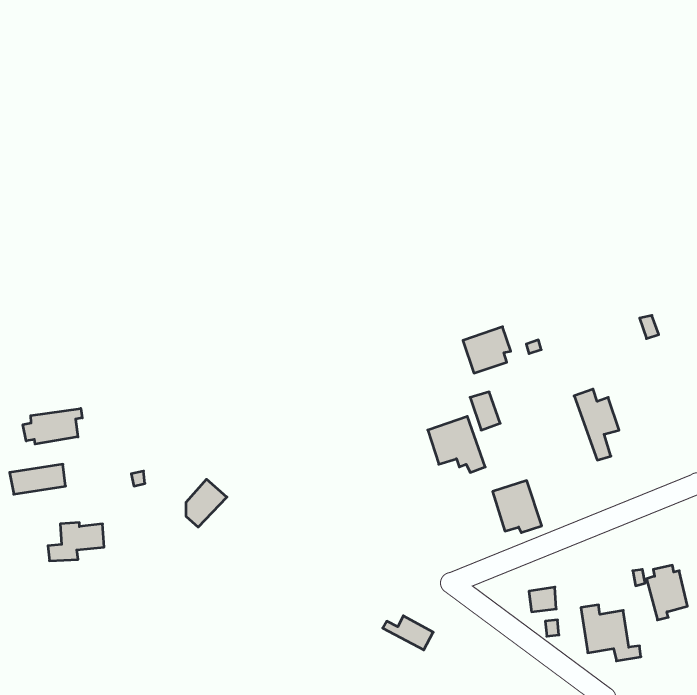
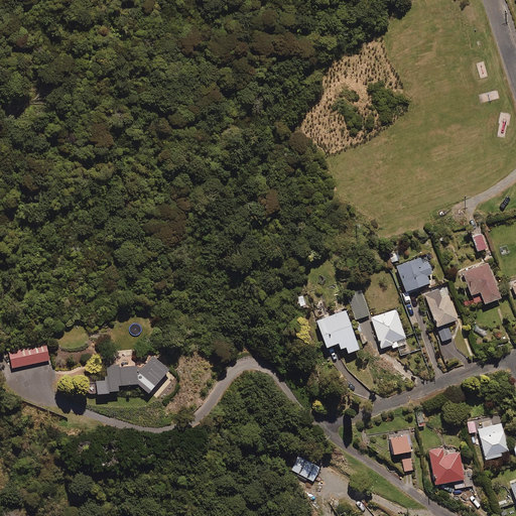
building: [463,327,511,373] -> [397,256,432,290]
building: none -> [463,263,501,302]
building: [23,408,82,444] -> none
building: [493,481,542,533] -> [372,310,408,349]
building: [48,523,104,561] -> [96,364,137,392]

